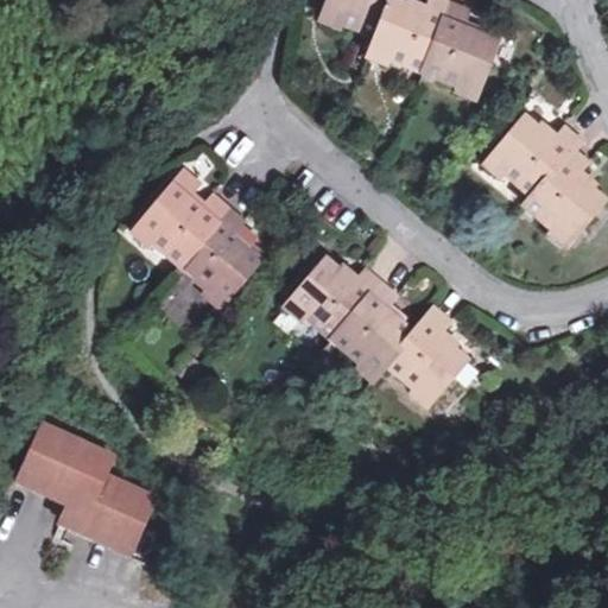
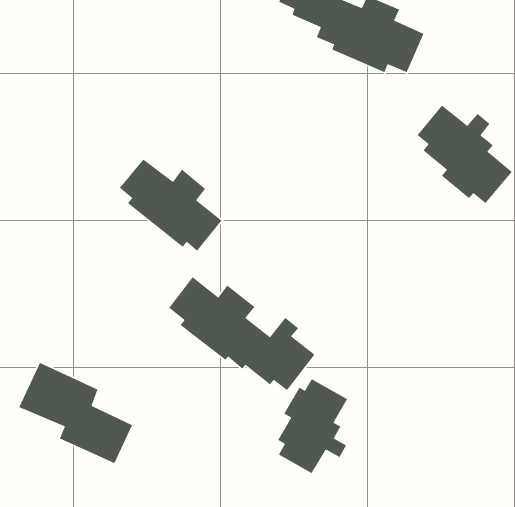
building: [296,264,468,398] -> [168,276,316,391]
building: none -> [277,378,348,474]

